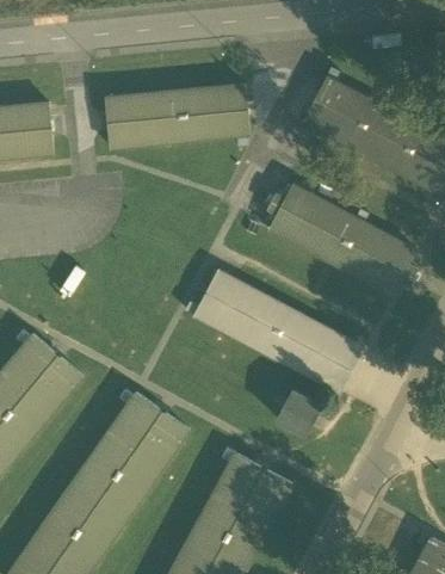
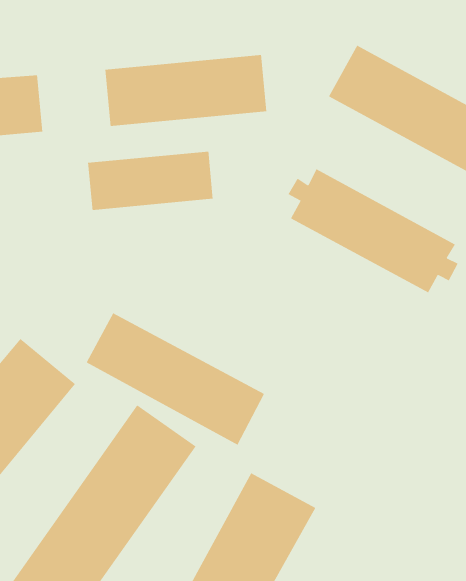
building: none -> [87,151,213,211]
building: [194,269,352,385] -> [86,312,265,445]
building: [276,389,320,433] -> none

